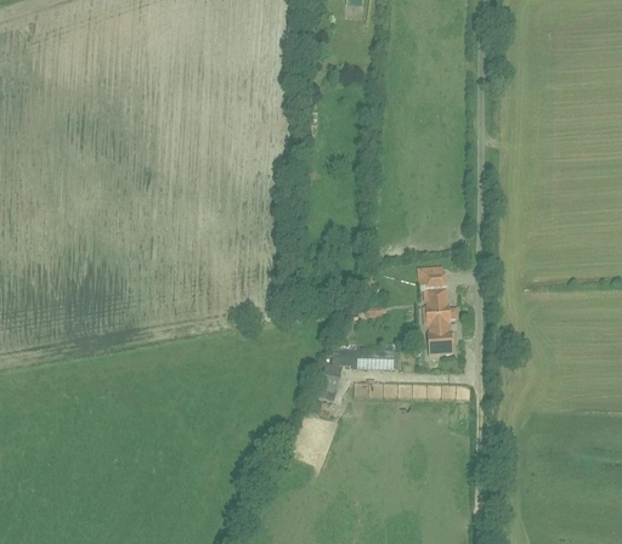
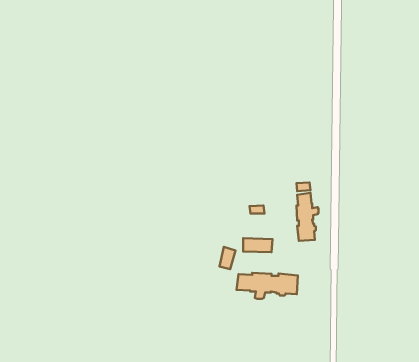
building: none -> [237,273,298,299]

